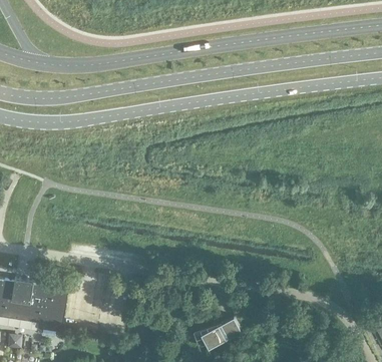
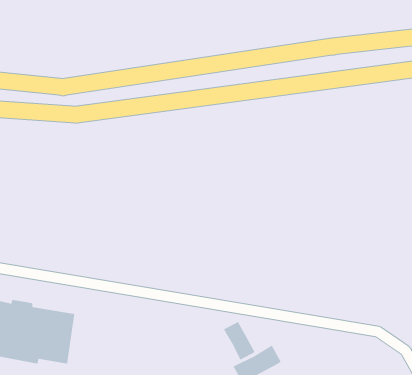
building: none -> [223,321,255,360]

